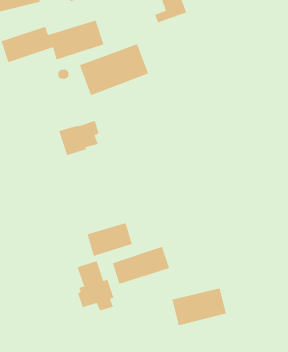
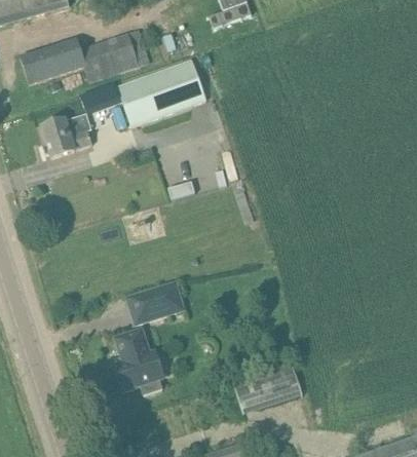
building: [58,120,100,156] -> [41,112,92,157]
building: [112,246,170,285] -> none

